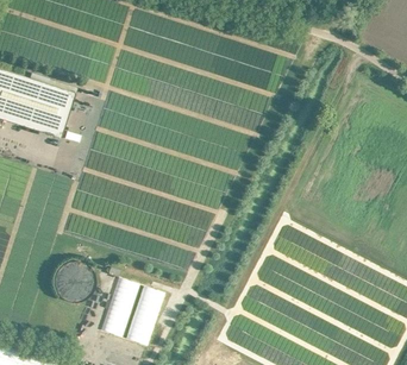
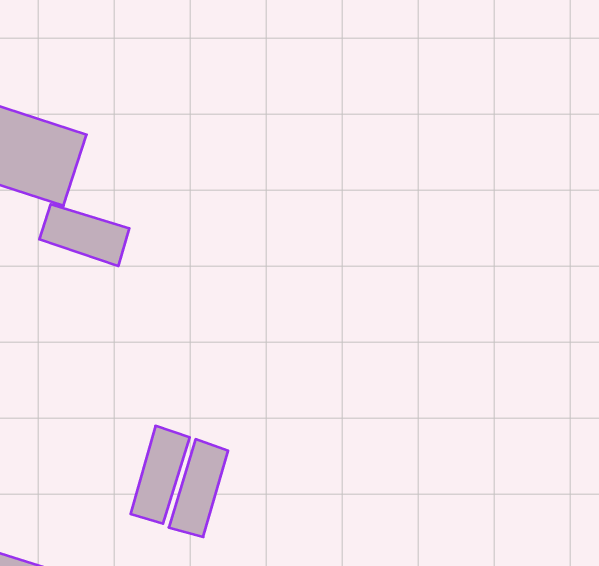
building: none -> [39,204,129,266]
building: [54,257,96,300] -> none

